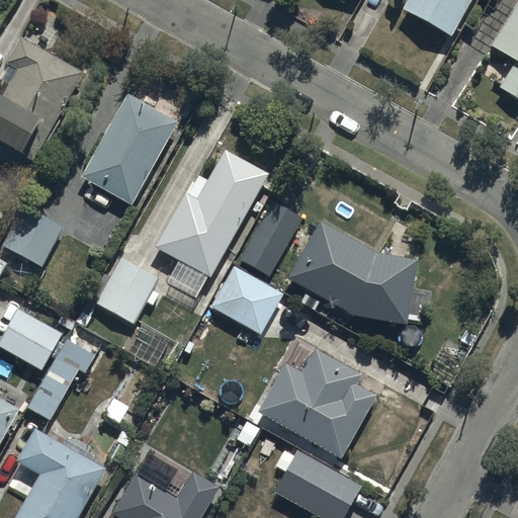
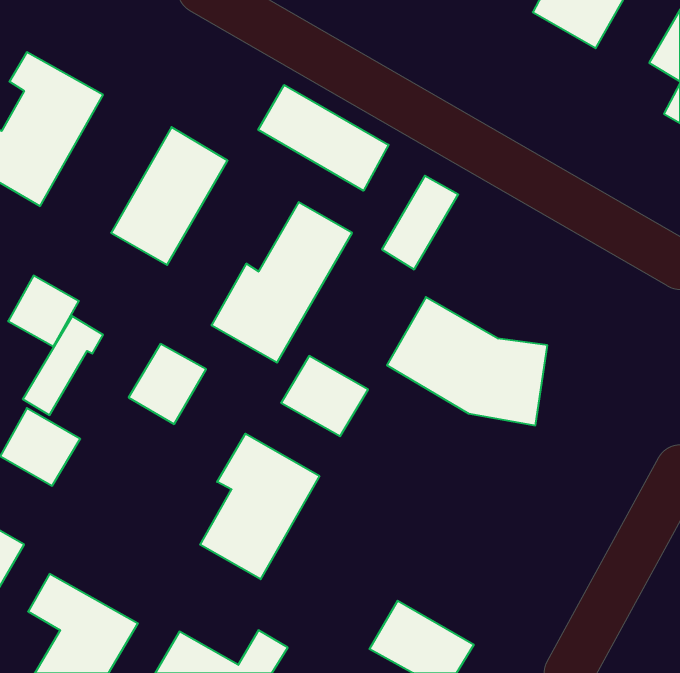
building: none -> [258,85,389,191]
building: [241,201,298,272] -> [382,176,458,269]
building: none -> [200,434,319,579]
building: [32,339,93,414] -> [23,316,103,415]
building: [260,353,372,457] -> none

